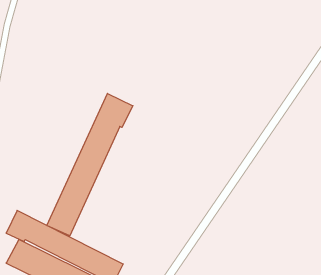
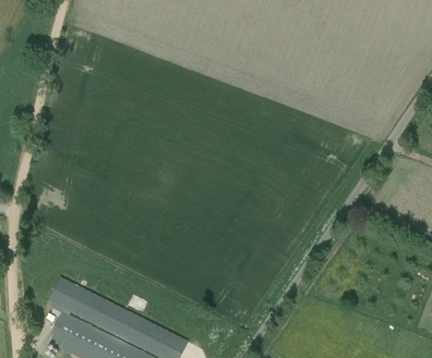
building: [47,93,133,236] -> none

